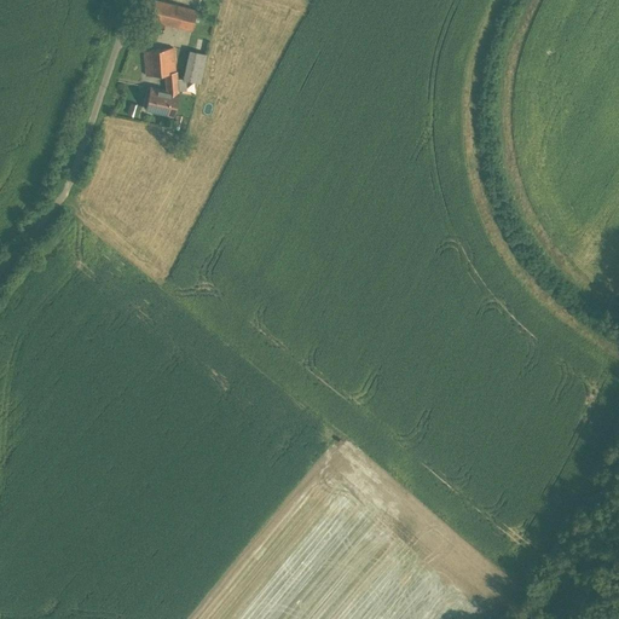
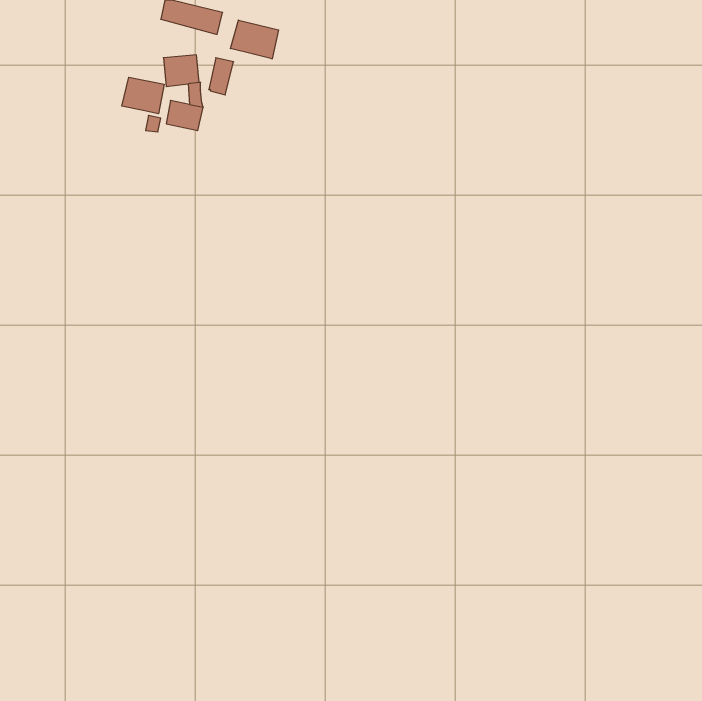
building: none -> [230,20,279,59]
building: none -> [122,77,164,114]

